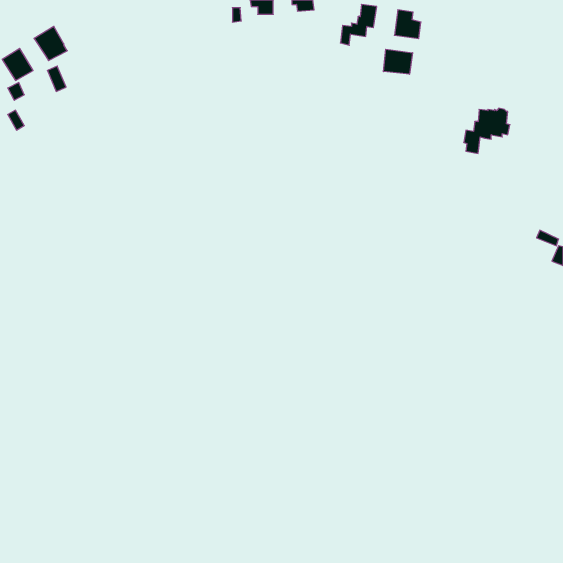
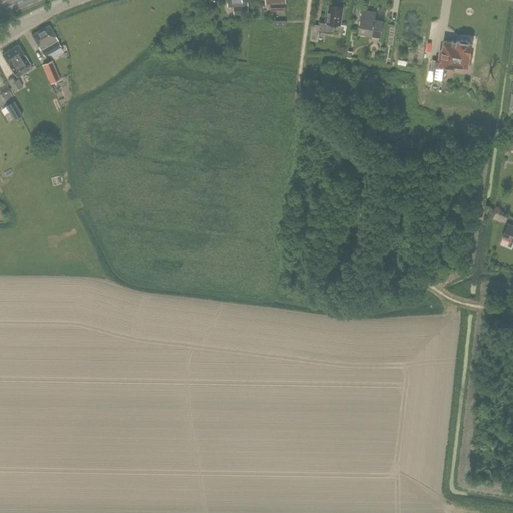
building: [383,49,413,74] -> none
building: [464,108,510,153] -> [430,39,472,80]

